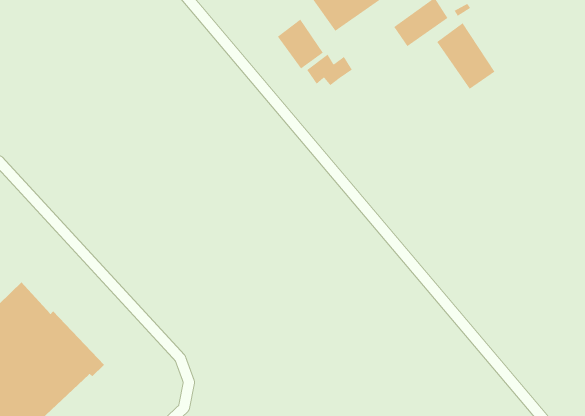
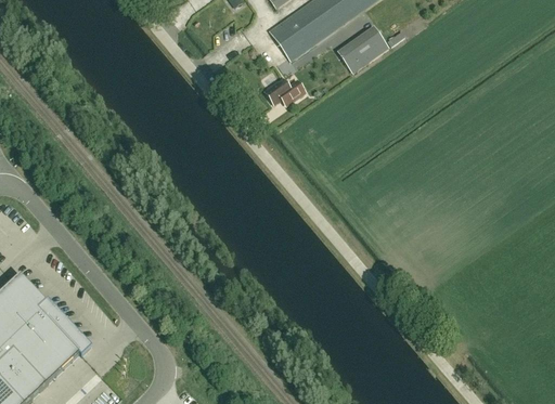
building: [277,19,324,70] -> none
building: [436,22,495,90] -> none

